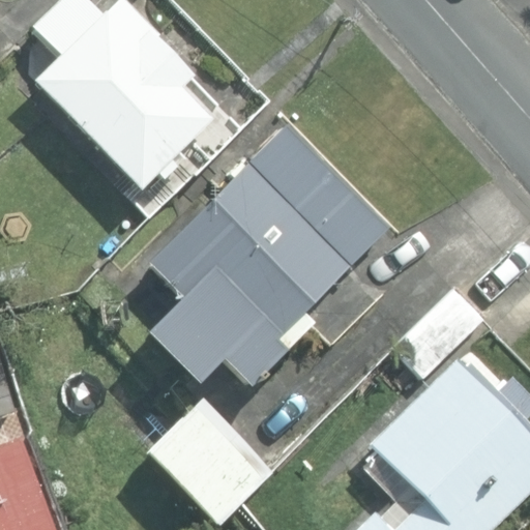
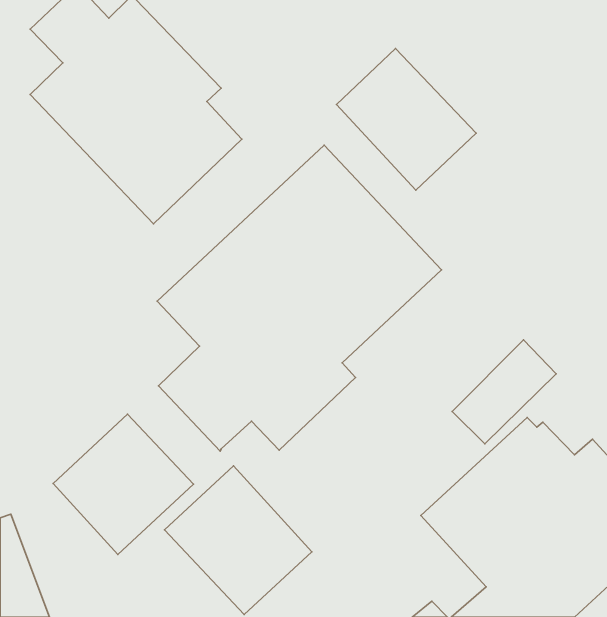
building: none -> [336,49,476,190]
building: none -> [53,414,194,554]

